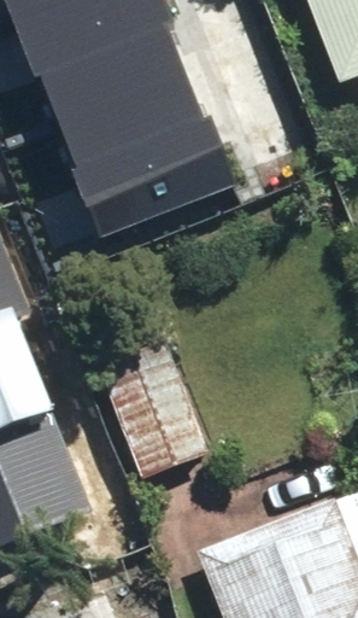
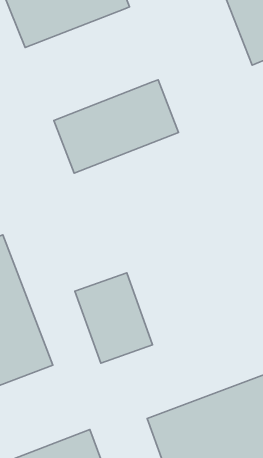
building: [39,14,205,161] -> none

